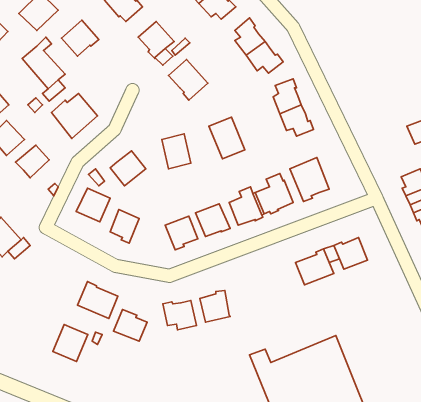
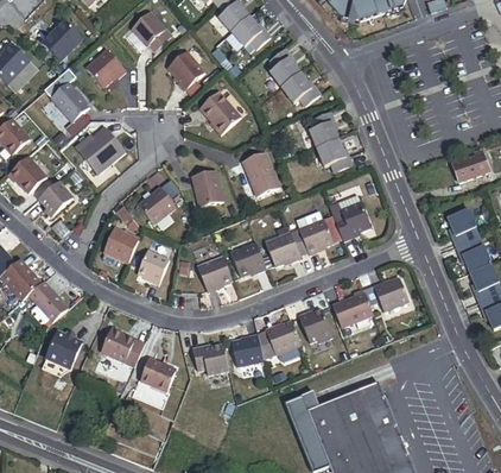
building: none -> [37,288,70,321]
building: none -> [300,311,334,343]
building: none -> [260,322,302,360]
building: [53,324,88,362] -> [47,328,84,367]

